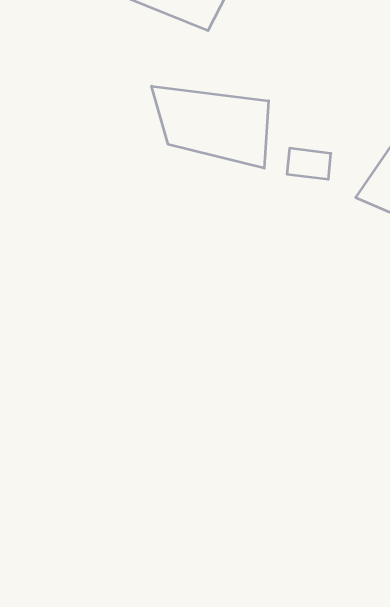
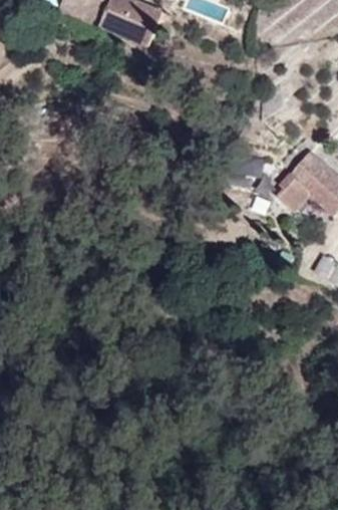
building: [152,86,269,168] -> none

